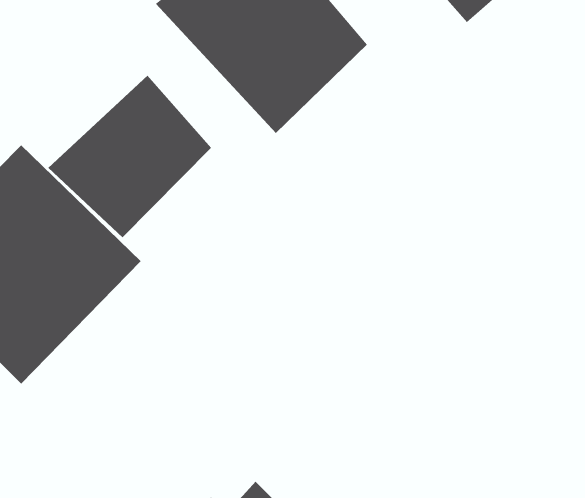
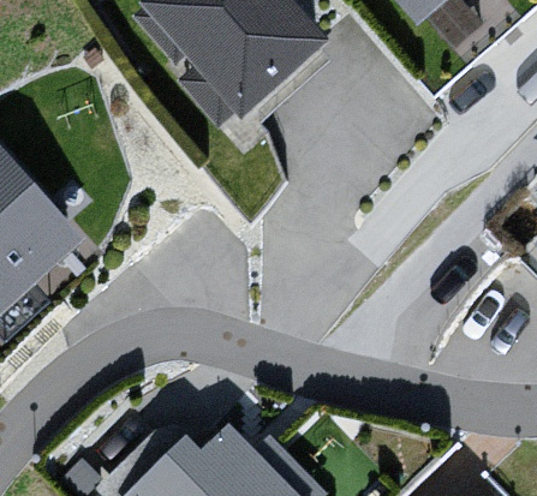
building: [47,75,212,238] -> none

